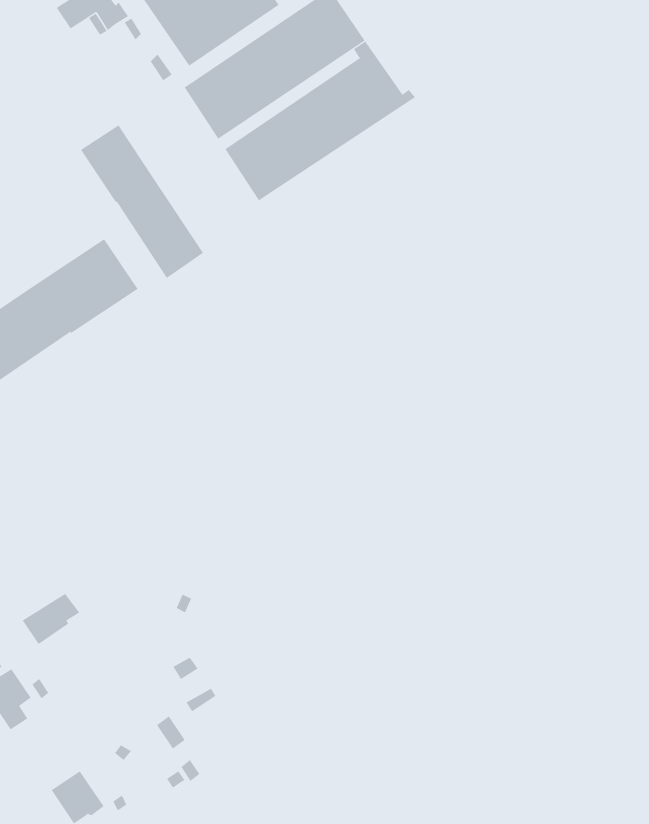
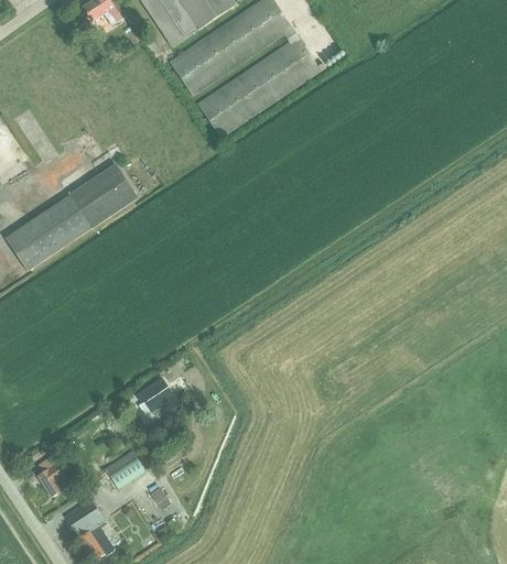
building: [80,124,204,279] -> none
building: none -> [134,376,174,413]
building: [22,593,80,645] -> [106,457,145,492]
building: none -> [63,497,105,536]

